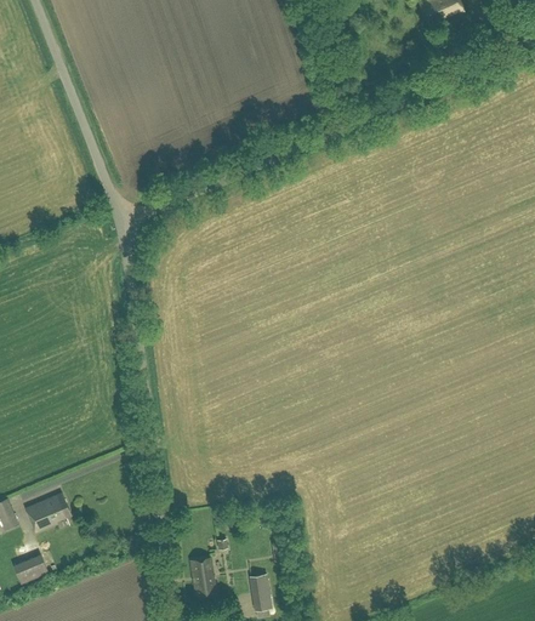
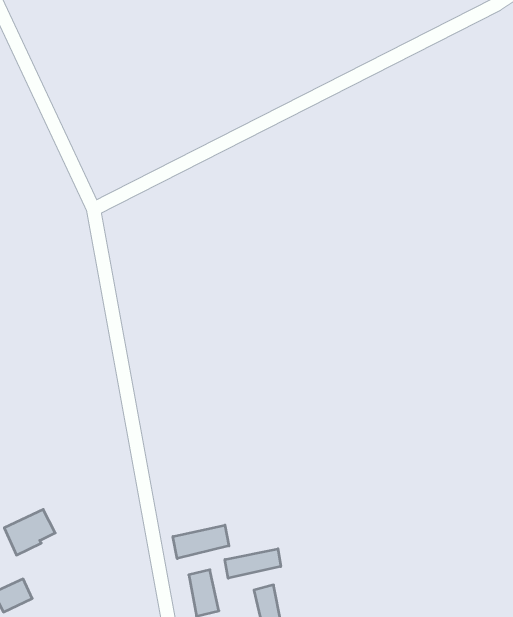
building: none -> [173,525,229,559]
building: none -> [225,549,281,578]

